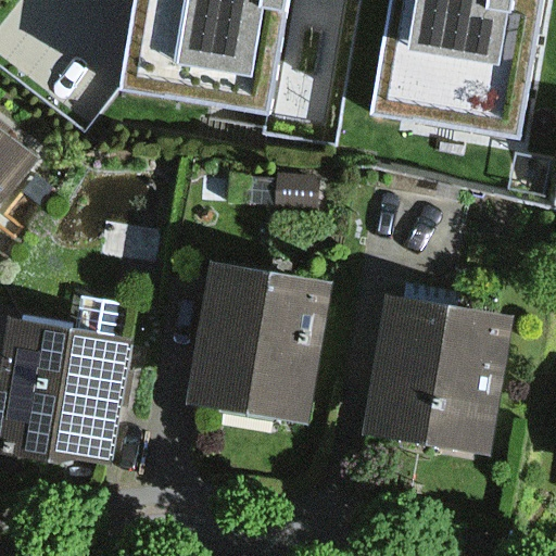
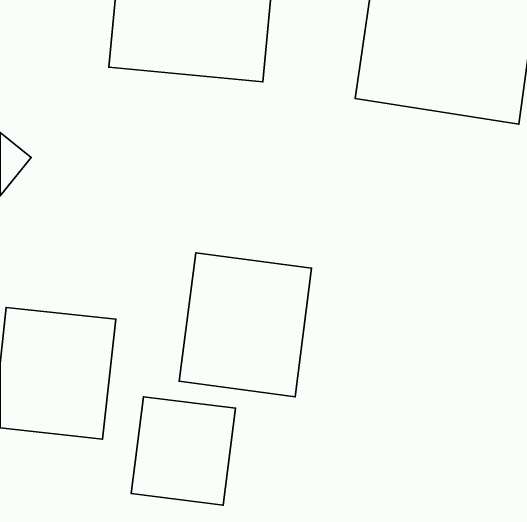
building: [361,292,509,443] -> none
building: none -> [131,397,236,505]

